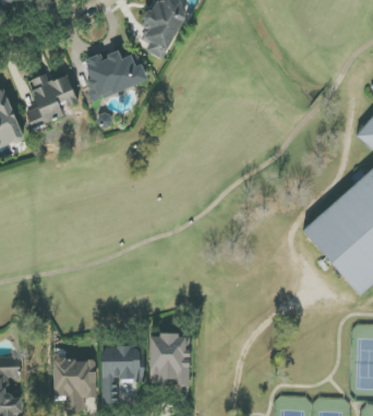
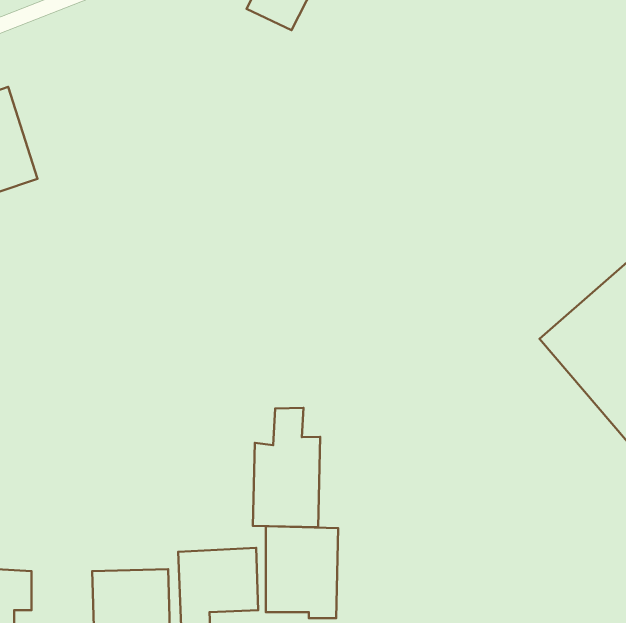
building: [84,49,147,100] -> none
building: [25,74,79,128] -> none
building: none -> [253,408,320,527]

